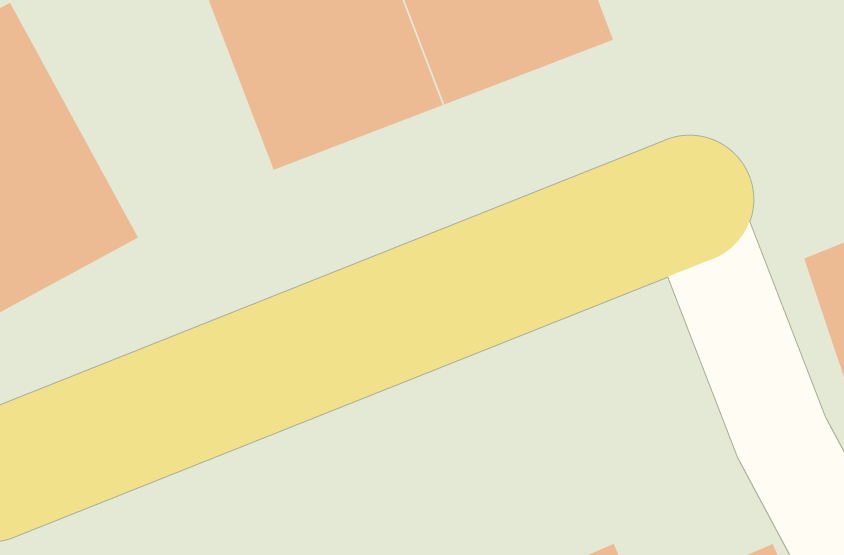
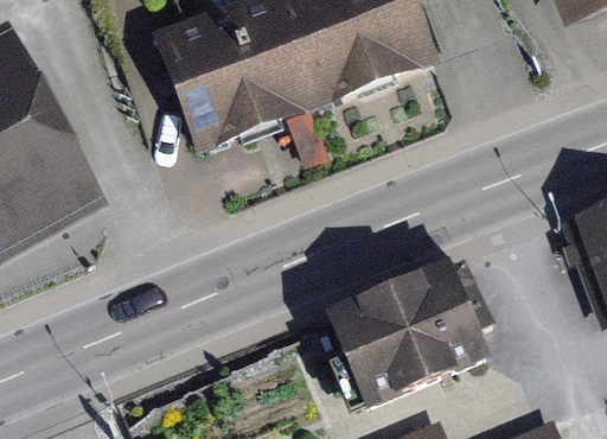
building: none -> [336,271,492,409]

